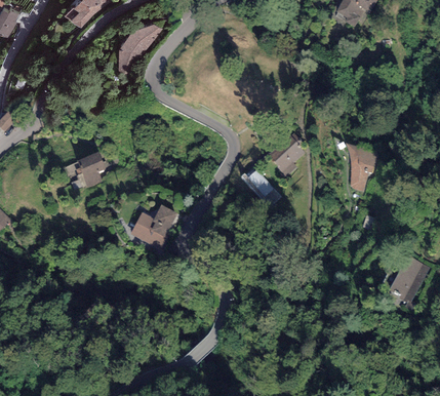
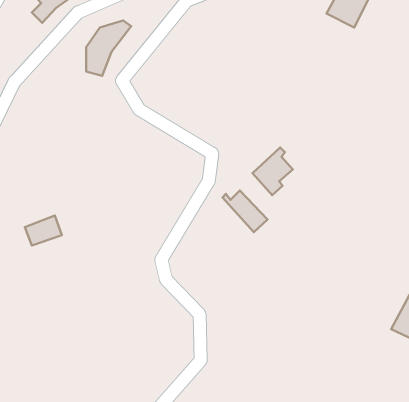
building: [348,145,375,191] -> none
building: [70,157,103,184] -> [25,216,62,246]
building: [132,208,175,247] -> none

